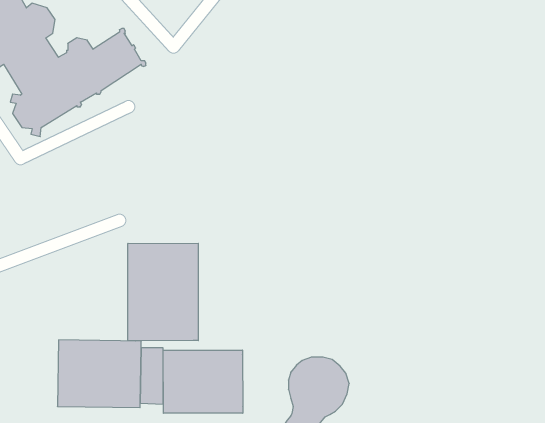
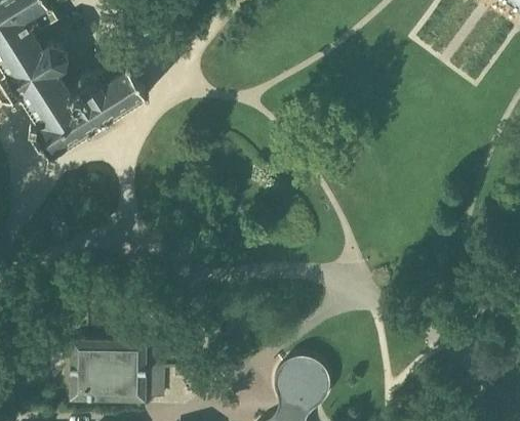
building: [128,243,198,341] -> none
building: [163,350,243,413] -> none

